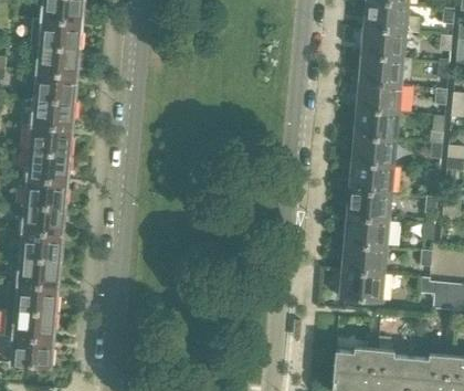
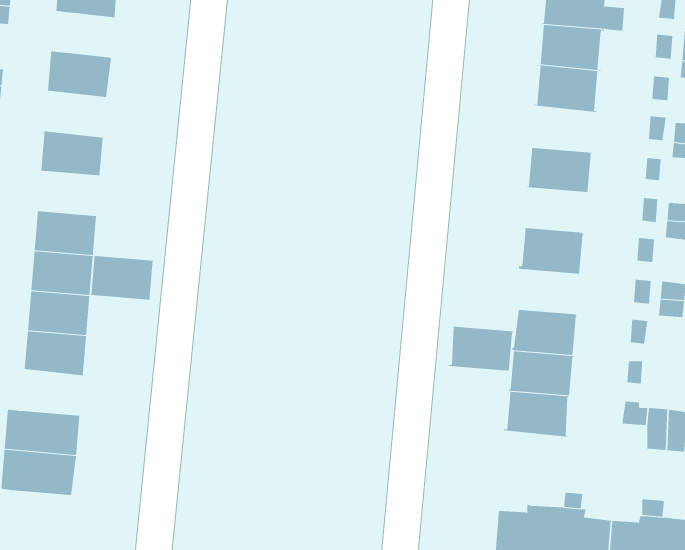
building: [30,19,81,51] -> none
building: [33,73,75,104] -> none
building: [356,83,400,114] -> none
building: [29,126,71,156] -> [90,255,154,300]
building: [351,137,396,167] -> none
building: [346,191,390,221] -> [448,326,515,371]
building: [18,257,60,288] -> none
building: [10,338,52,368] -> none

